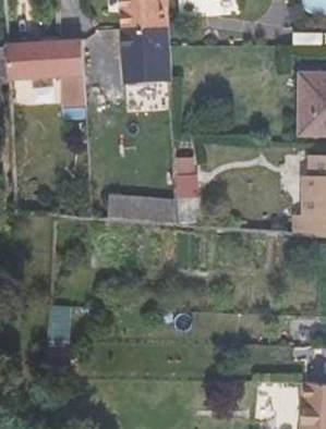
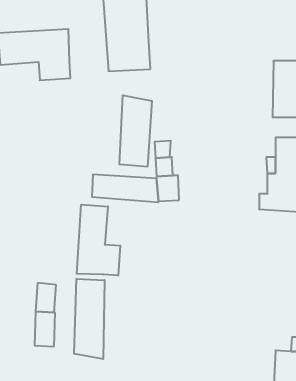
building: none -> [119,95,152,167]
building: none -> [77,205,120,276]
building: none -> [74,279,105,359]

